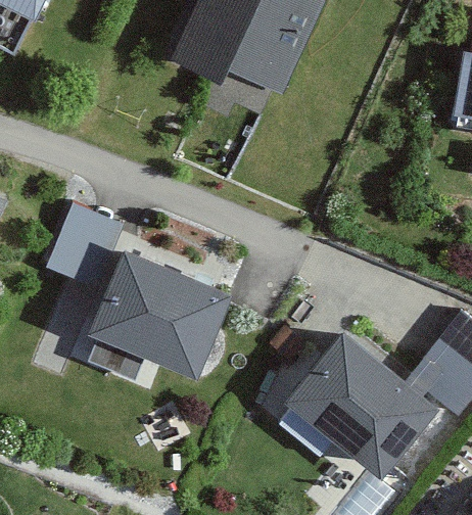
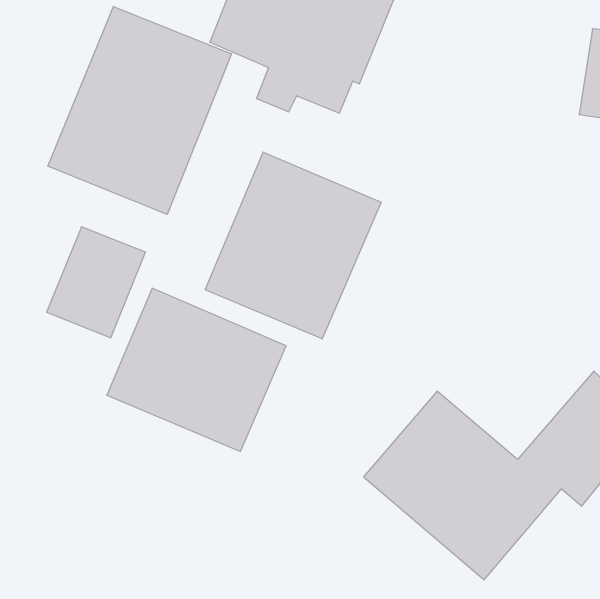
building: none -> [48,6,232,214]
building: none -> [205,152,381,339]

